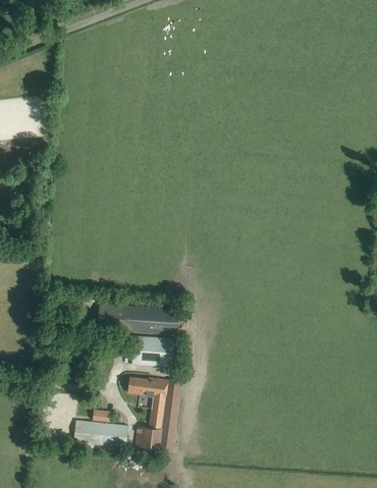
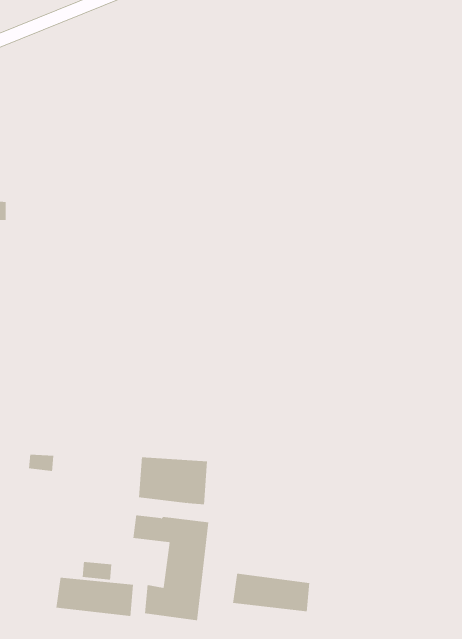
building: [98,303,179,333] -> none
building: none -> [232,573,310,612]

